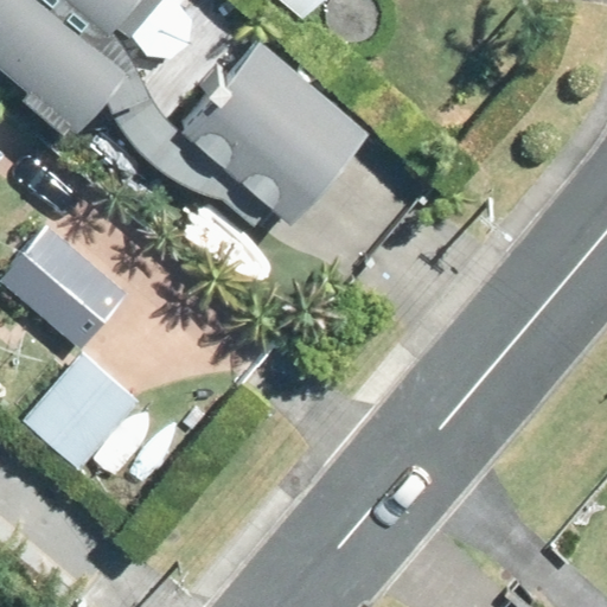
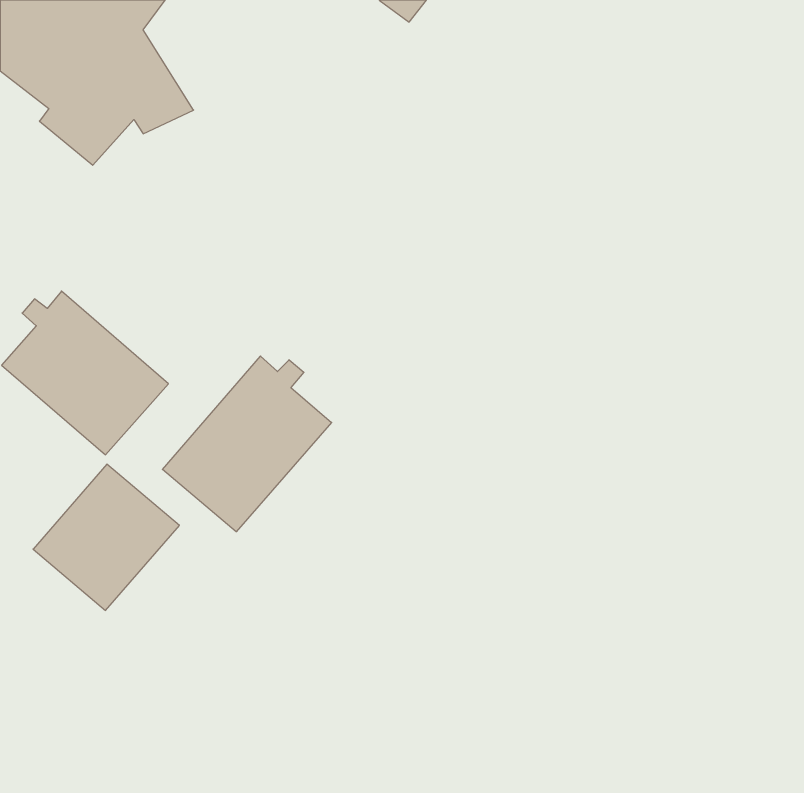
building: [180,40,368,222] -> none
building: none -> [162,356,332,532]

